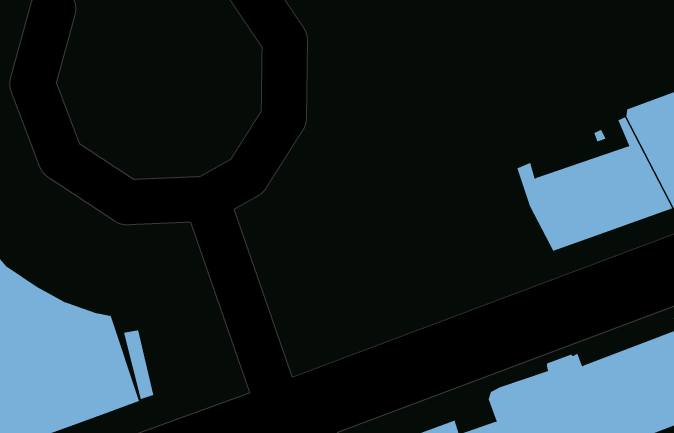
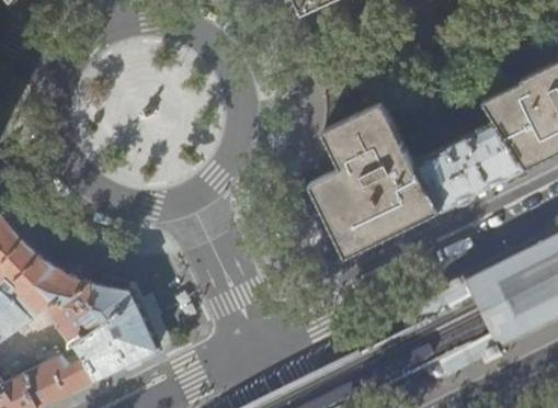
building: none -> [314,100,444,256]

